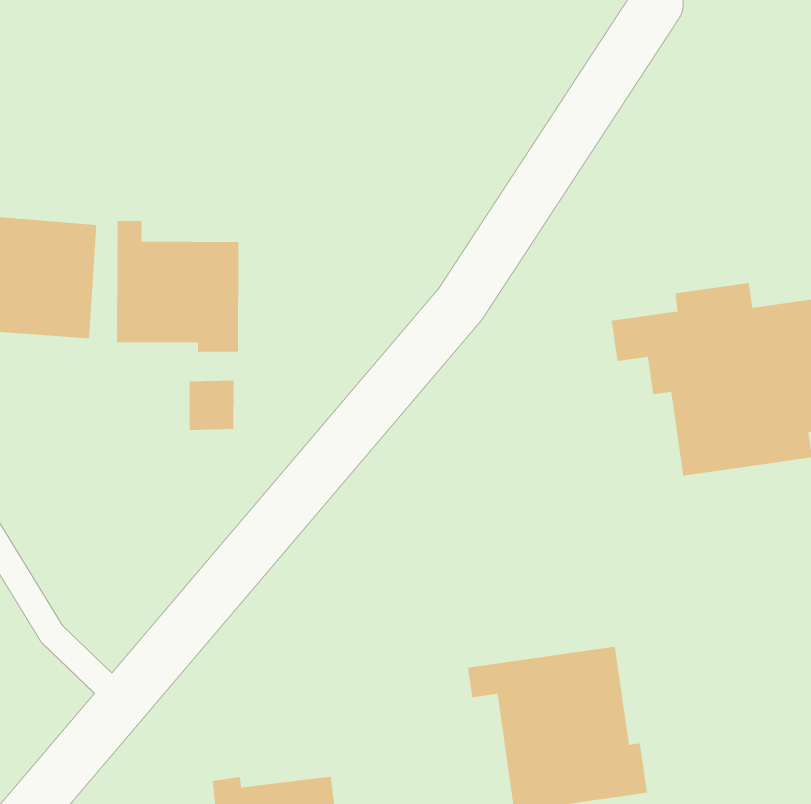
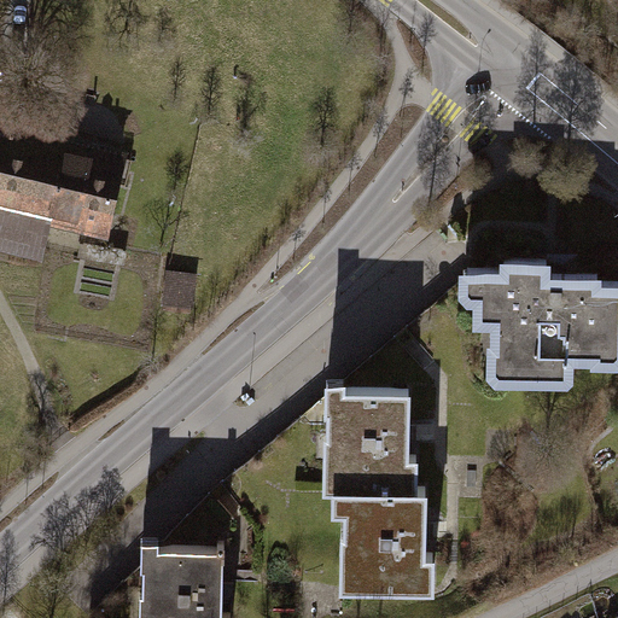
building: [117,220,239,352] -> none
building: none -> [325,387,414,494]

